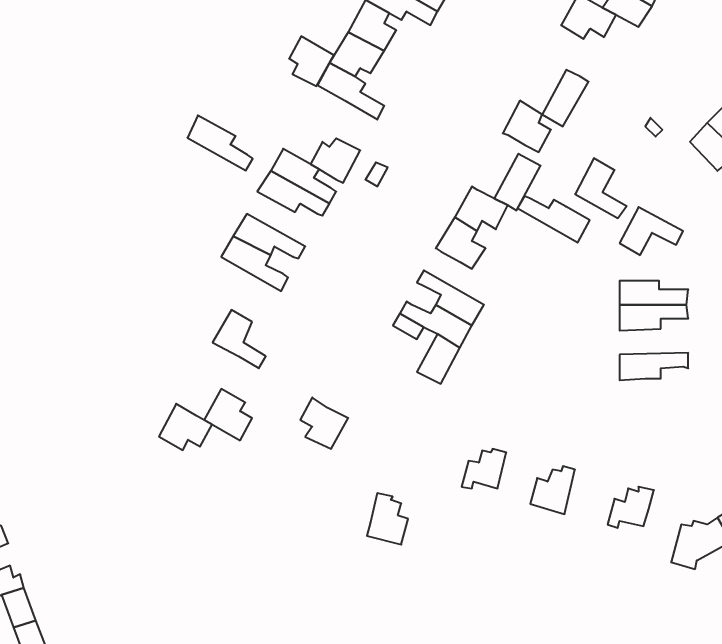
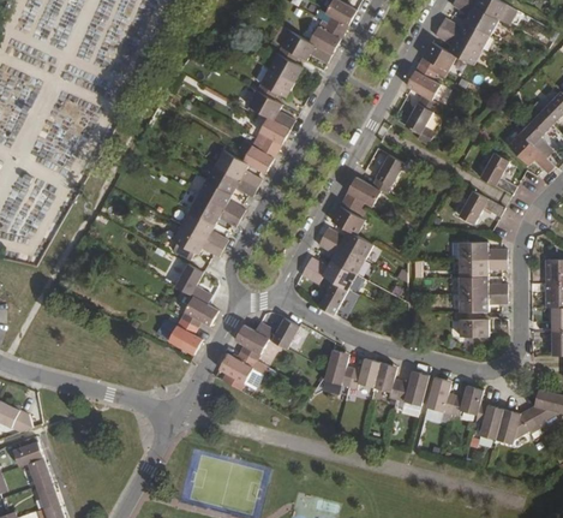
building: [289,36,334,86] -> [258,117,289,151]
building: [503,101,551,152] -> [406,64,439,100]
building: [187,115,253,170] -> [198,180,244,219]
building: [575,158,627,218] -> [480,153,516,195]
building: [518,196,590,243] -> [322,227,372,260]
building: none -> [172,226,222,258]
building: none -> [459,276,507,294]
building: none -> [459,311,487,337]
building: none -> [254,317,299,349]
building: [159,404,212,450] -> [180,296,217,328]
building: none -> [218,352,257,383]
building: none -> [373,363,401,399]
building: none -> [426,376,455,413]
building: [367,493,408,545] -> [324,351,353,387]
building: none -> [474,403,502,440]

